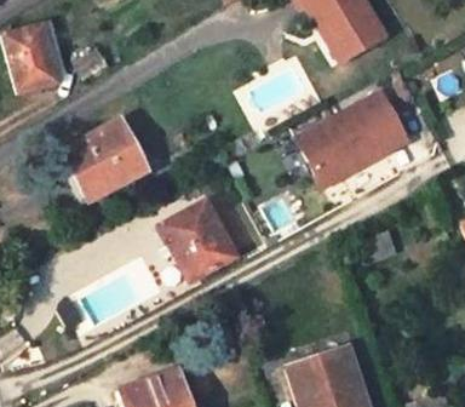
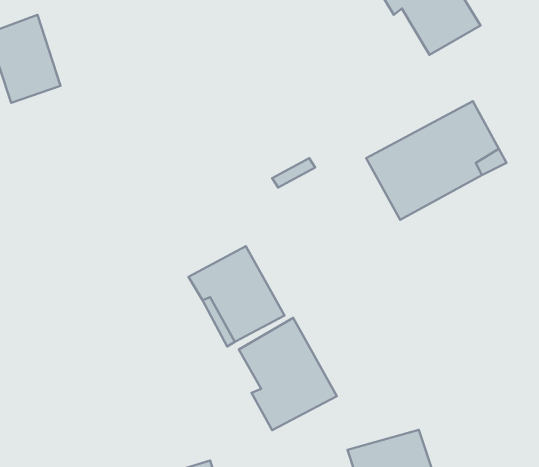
building: [64,121,148,202] -> none
building: none -> [239,318,337,430]

